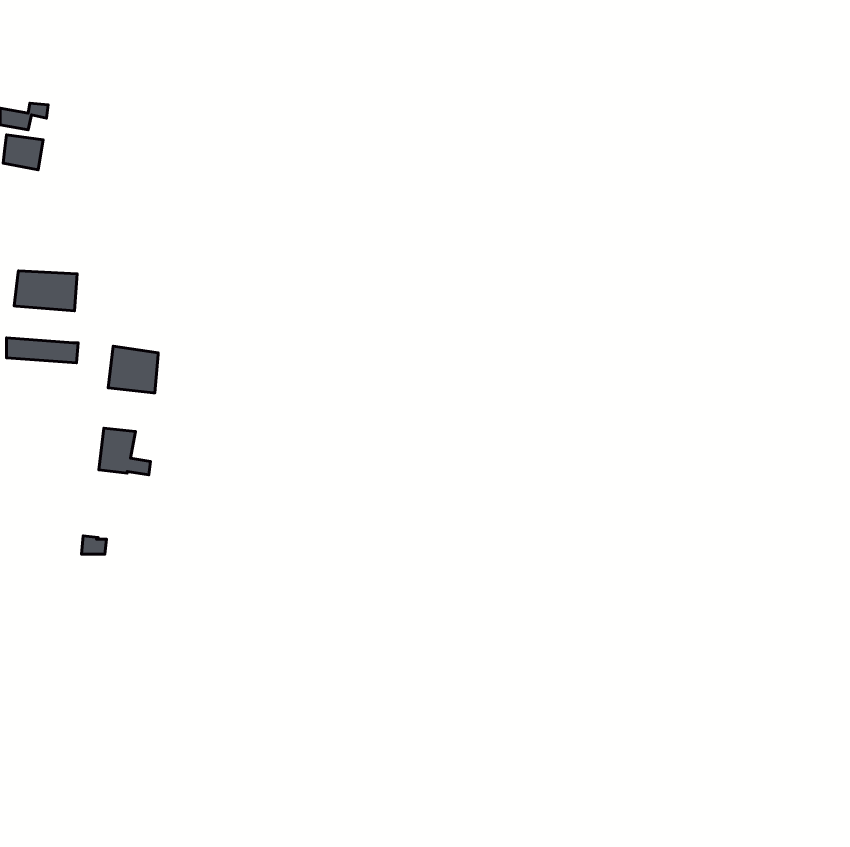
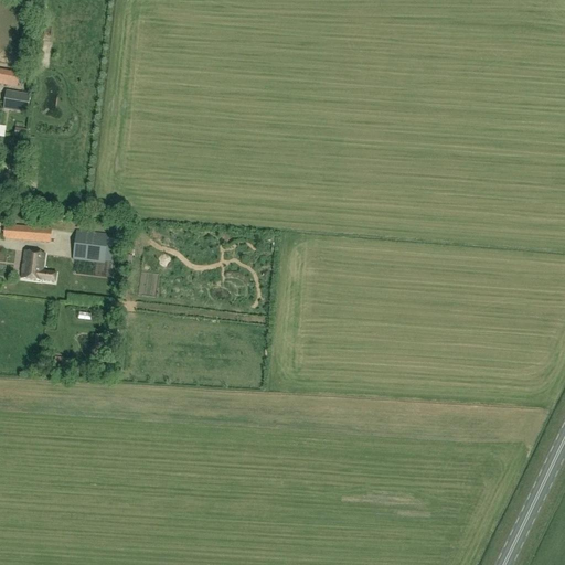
building: [14,271,77,311] -> none
building: [99,428,151,475] -> [20,250,54,281]

